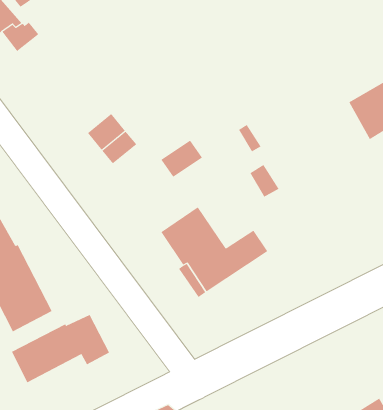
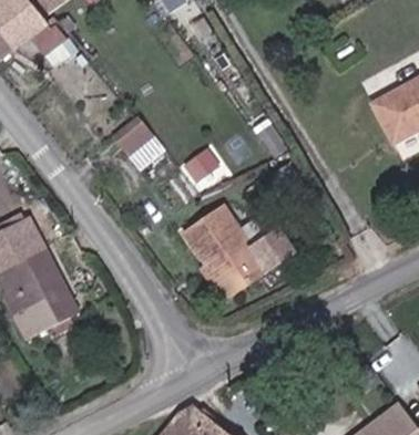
building: [11,314,110,383] -> none

